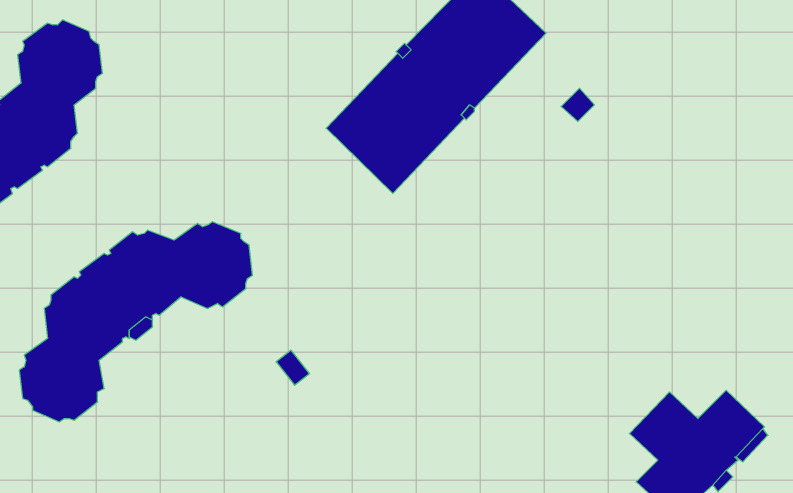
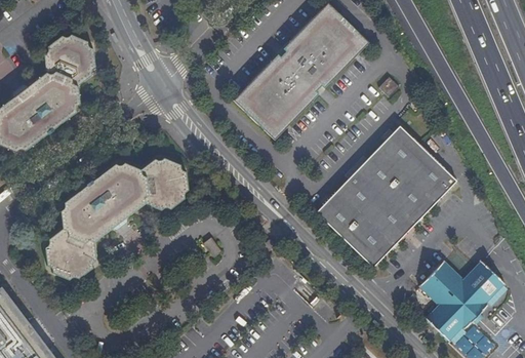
building: none -> [317,125,455,266]

